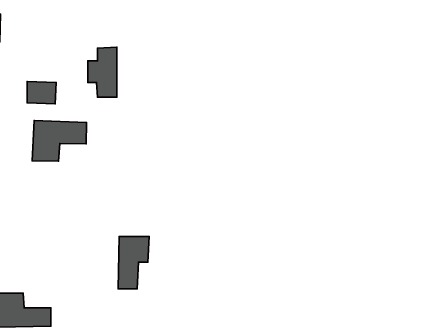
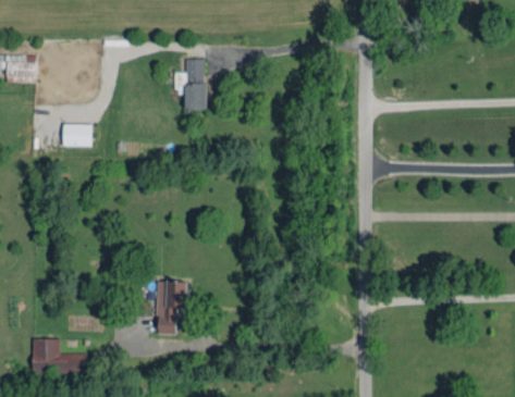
building: [88,47,117,97] -> [176,59,206,110]
building: [32,121,86,161] -> none

